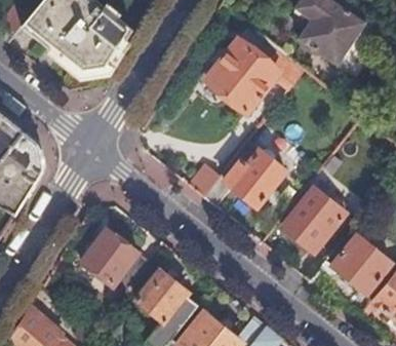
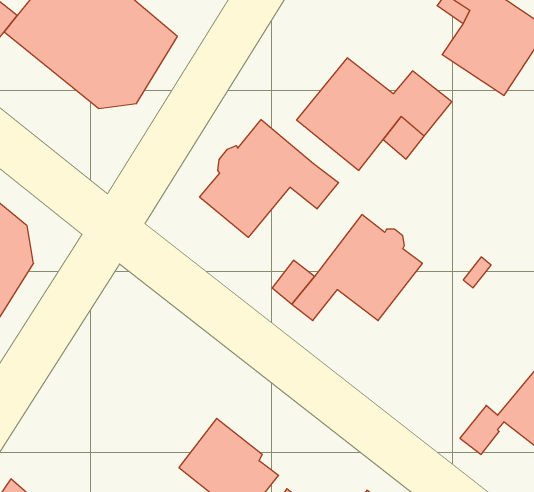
building: none -> [200,120,339,237]
building: [280,184,348,249] -> none
building: [79,228,148,292] -> none

